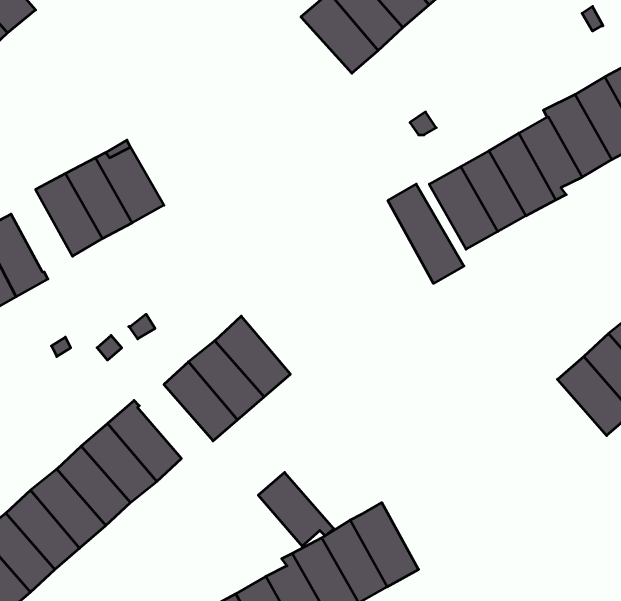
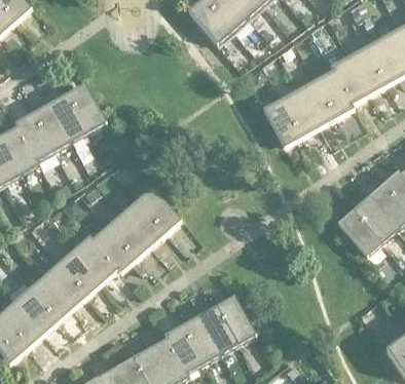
building: [388,184,464,283] -> none
building: none -> [17,112,53,160]
building: [258,472,334,546] -> [91,226,136,269]

